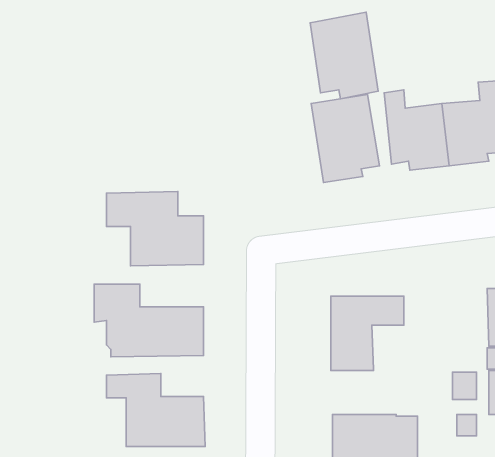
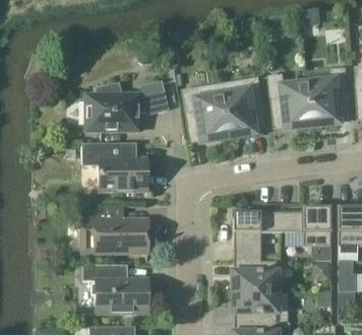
building: [310,12,378,99] -> [183,83,229,141]
building: none -> [86,81,169,130]
building: none -> [283,207,333,261]
building: none -> [234,261,278,291]

